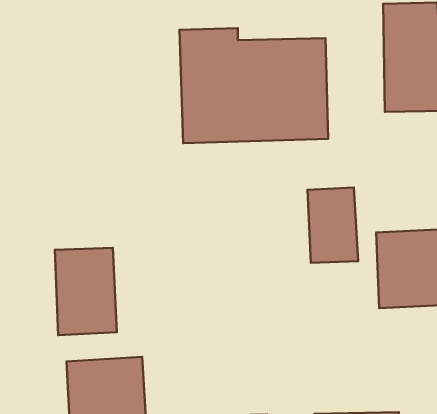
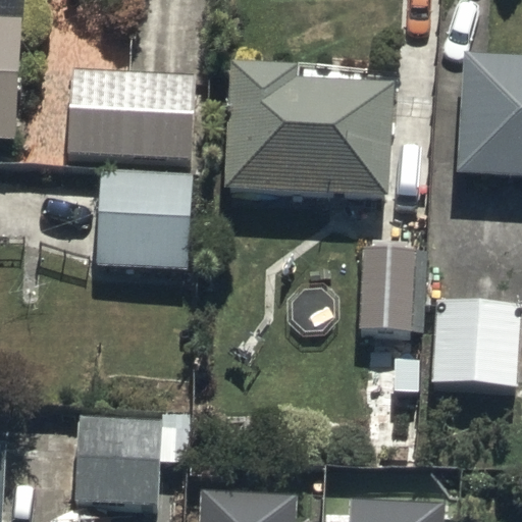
building: none -> [68,66,196,159]
building: none -> [97,169,193,269]
building: [55,248,117,335] -> none

